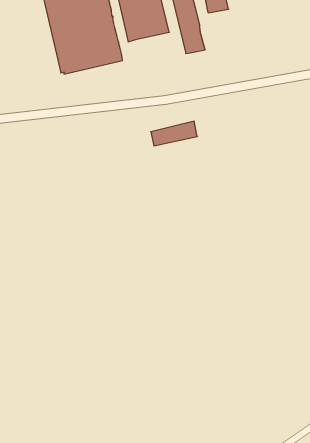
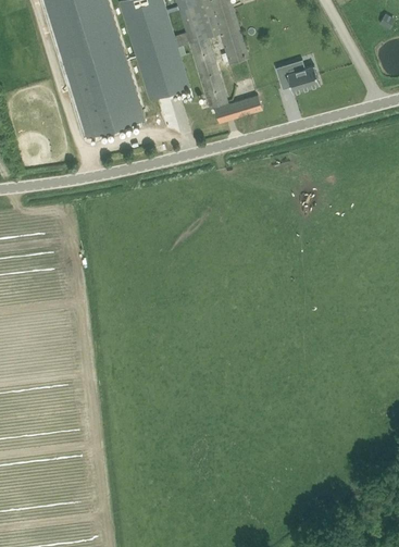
building: none -> [275,63,320,91]
building: [151,121,197,146] -> [214,92,262,121]

